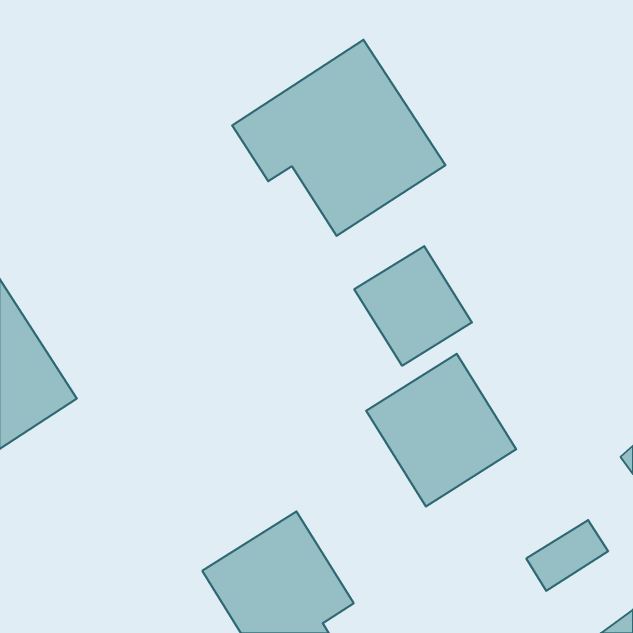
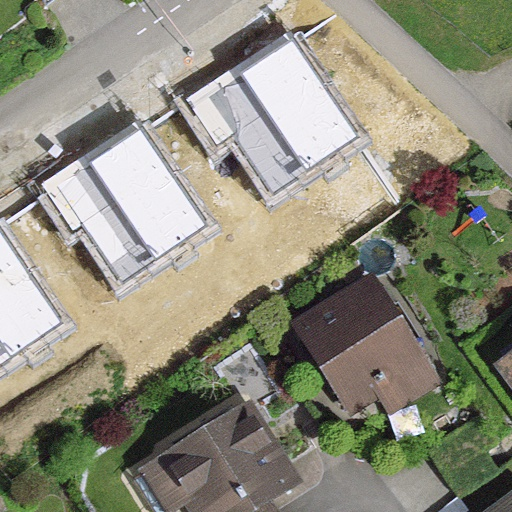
building: none -> [45,127,207,282]
building: [354,246,472,366] -> none

